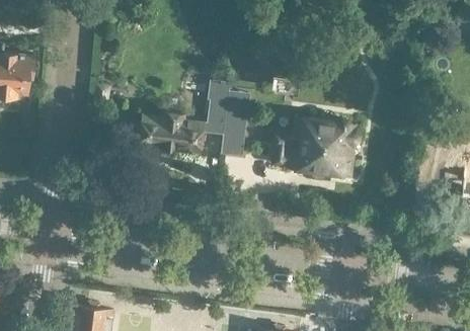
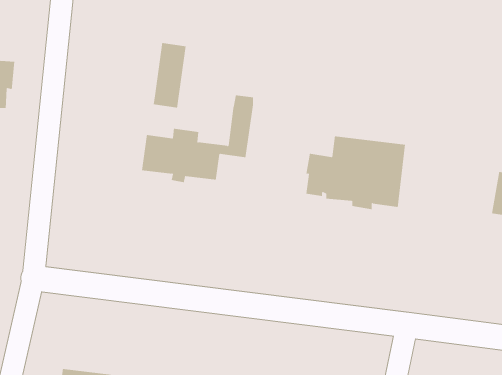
building: [223,90,250,144] -> [153,42,186,108]

